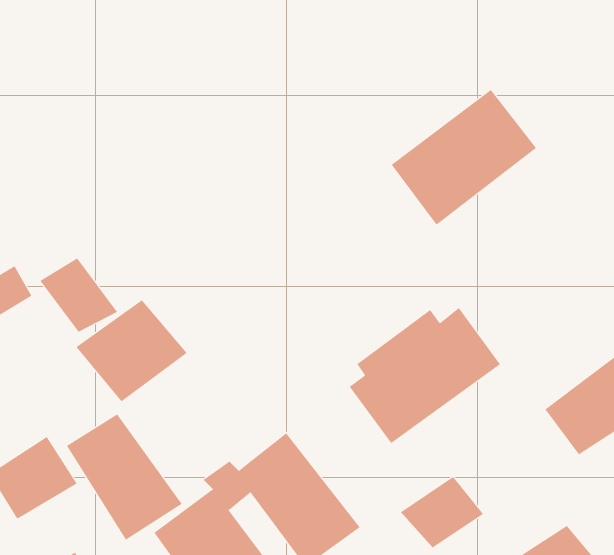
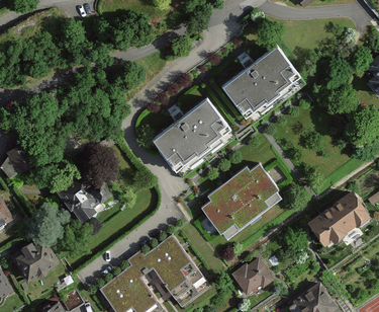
building: none -> [154,104,231,176]
building: [39,258,118,333] -> none
building: [66,414,183,540] -> none

